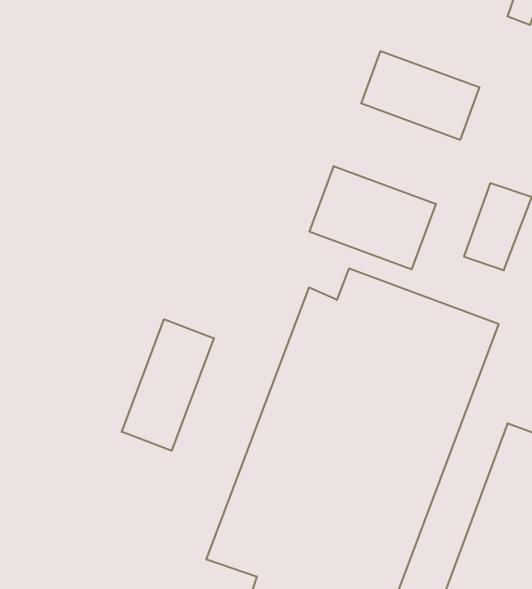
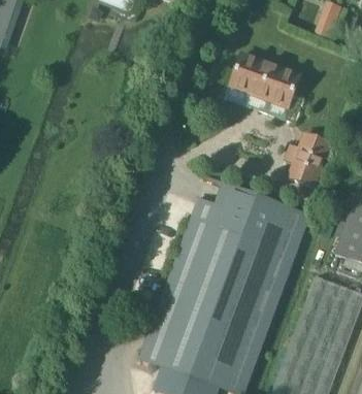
building: [310,166,436,269] -> none
building: [122,319,214,451] -> none

